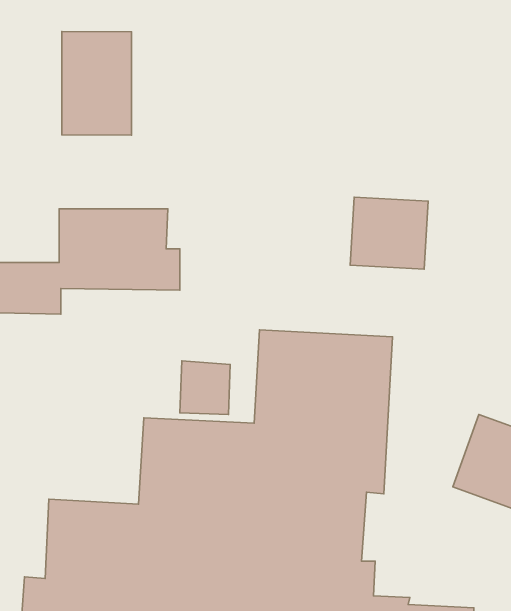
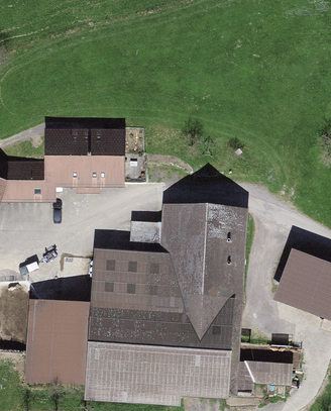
building: [62,32,132,135] -> none
building: [350,197,428,269] -> none

